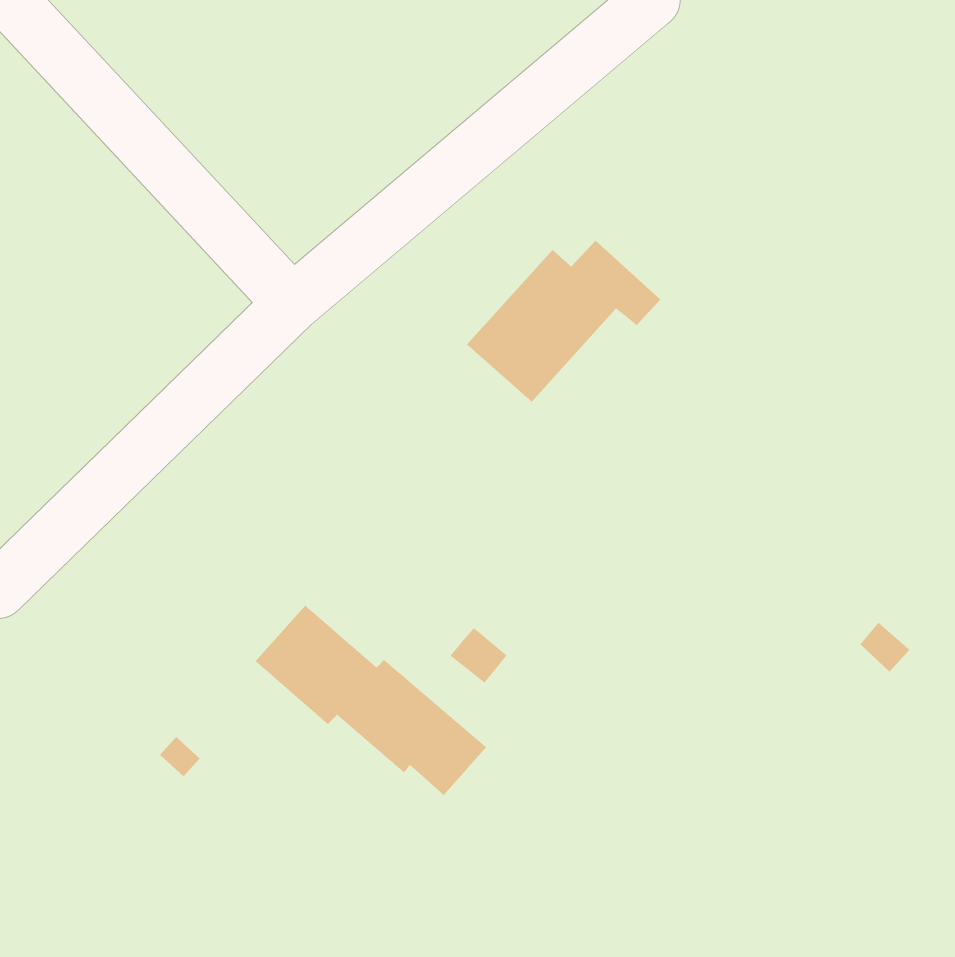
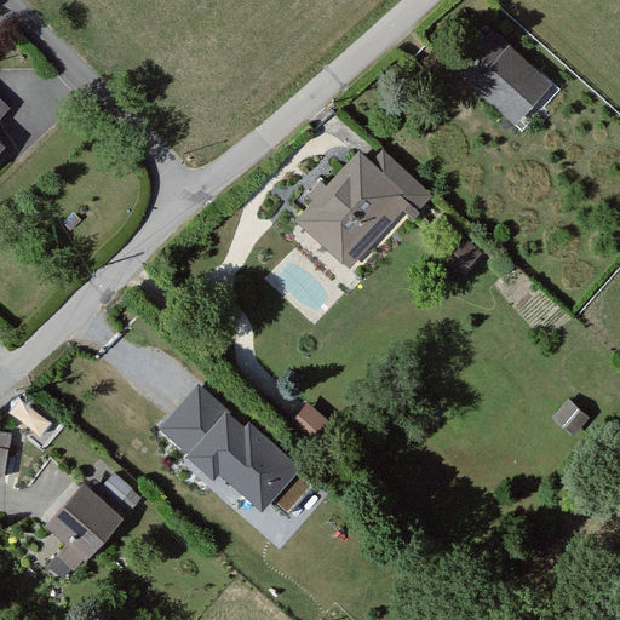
building: none -> [465,40,545,119]
building: none -> [48,492,115,579]

